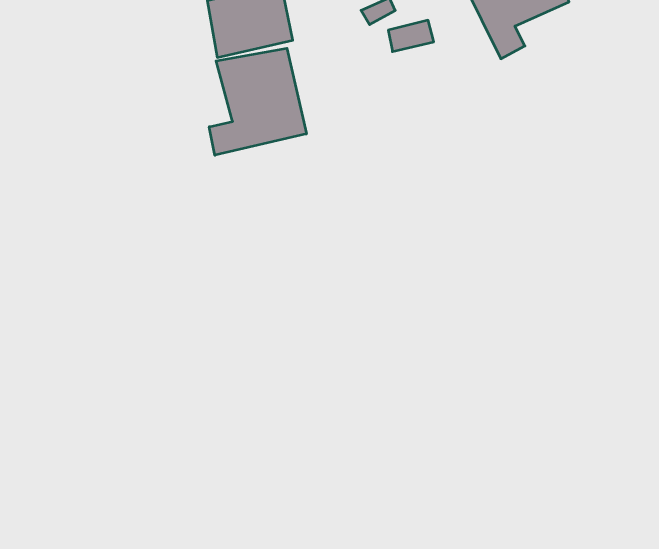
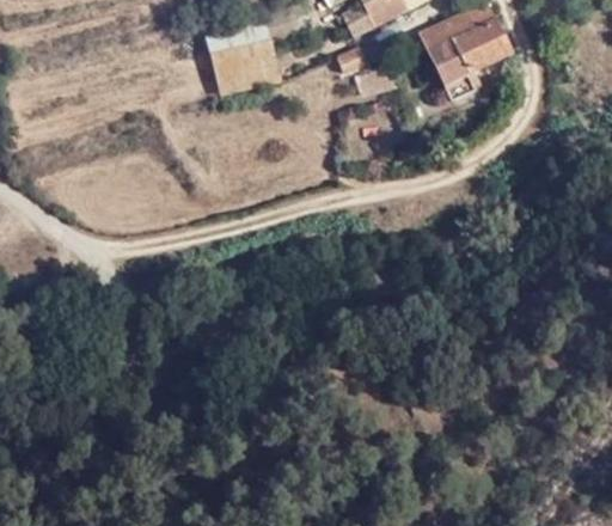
building: [209,48,306,155] -> none

